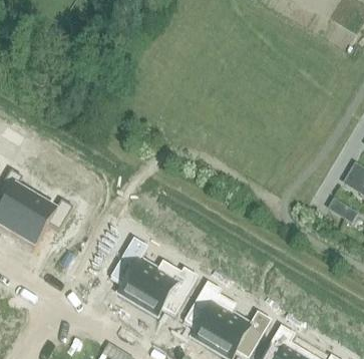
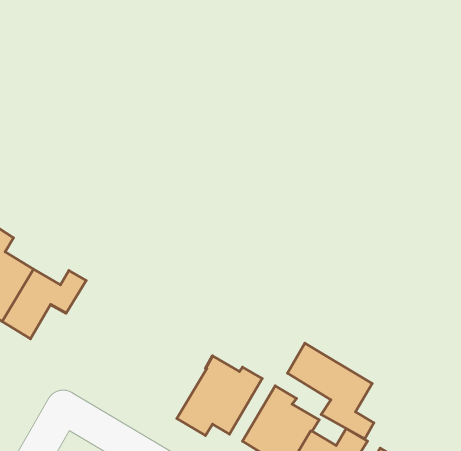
building: [109,236,157,302] -> none
building: none -> [287,343,374,439]

